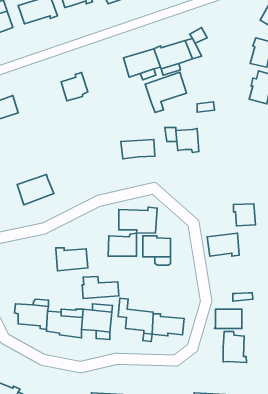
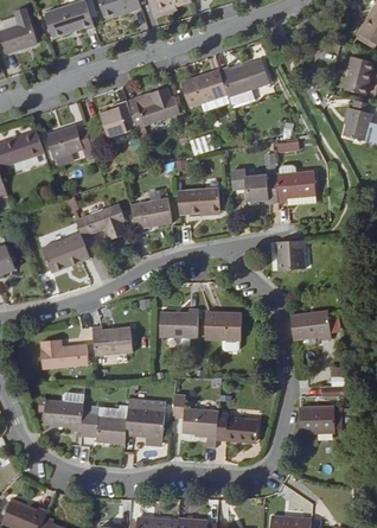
building: [145,72,186,112] -> [126,85,179,138]
building: none -> [46,126,95,159]
building: none -> [275,171,314,203]
building: none -> [72,196,127,238]
building: none -> [129,197,172,227]
building: [234,204,256,226] -> [276,240,305,268]
building: [119,207,157,233] -> none
building: [82,276,119,298] -> [41,341,89,369]
building: [223,331,246,363] -> none

